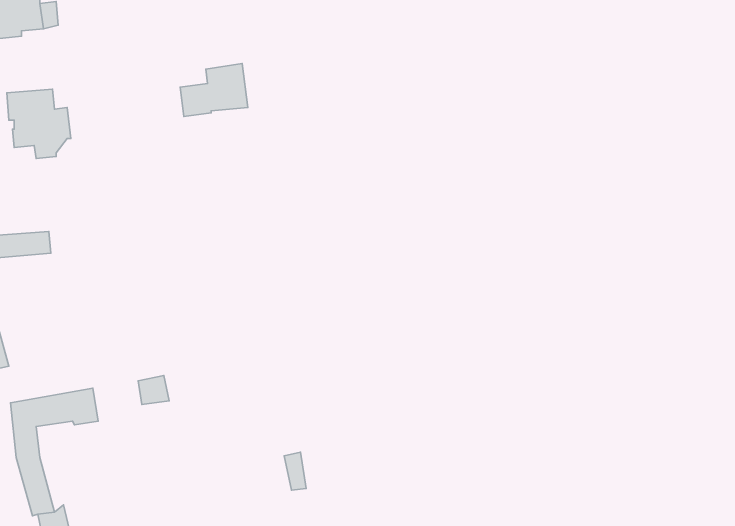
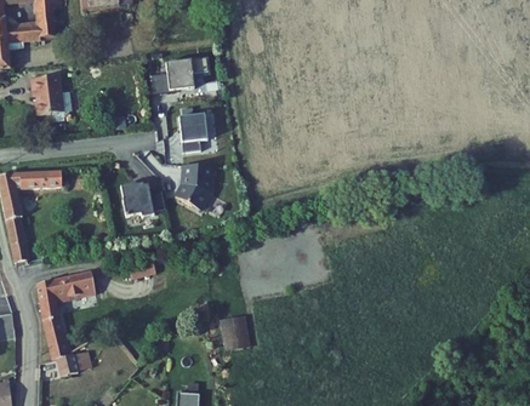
building: none -> [181,114,209,151]
building: none -> [179,164,216,210]
building: none -> [121,178,166,213]

